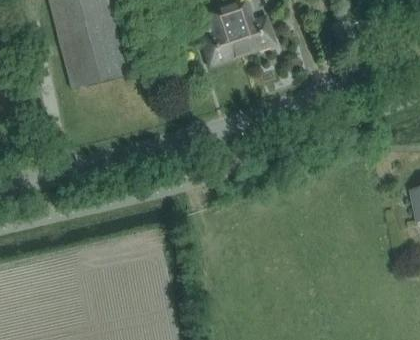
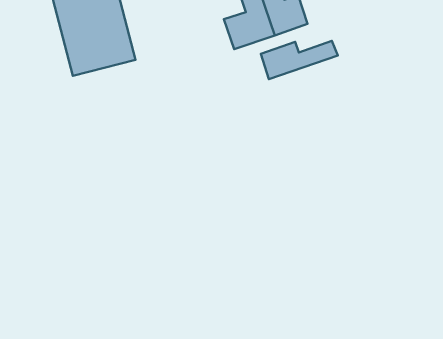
building: none -> [261,41,338,79]

